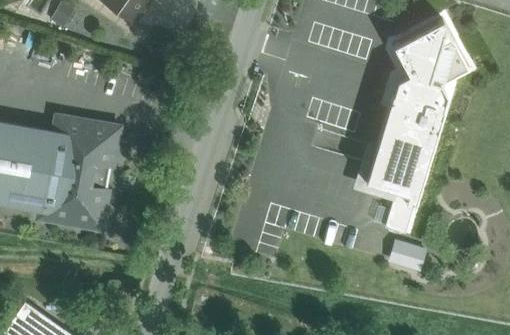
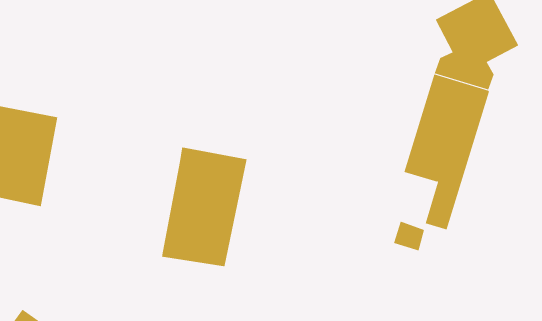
building: [42,119,119,226] -> [161,147,248,267]
building: [397,243,425,270] -> [393,221,425,251]

